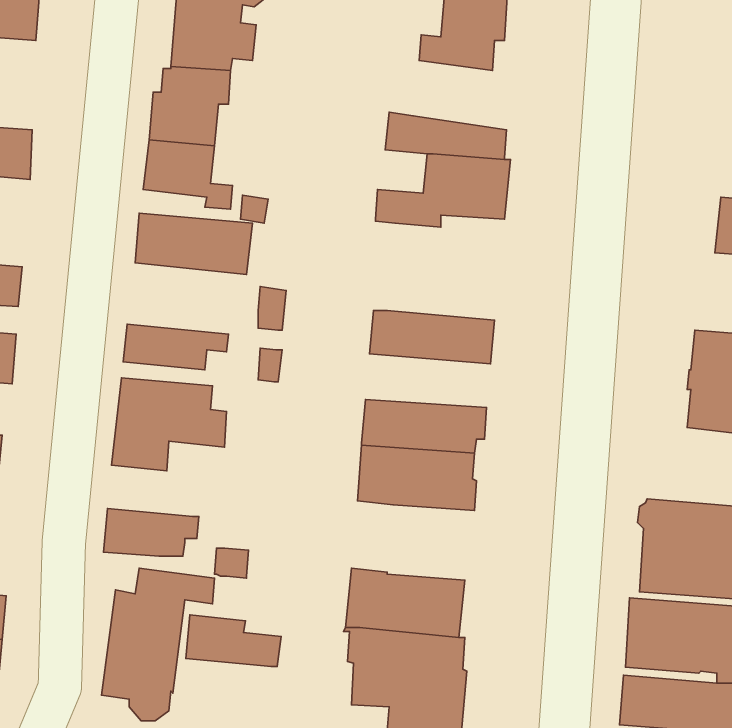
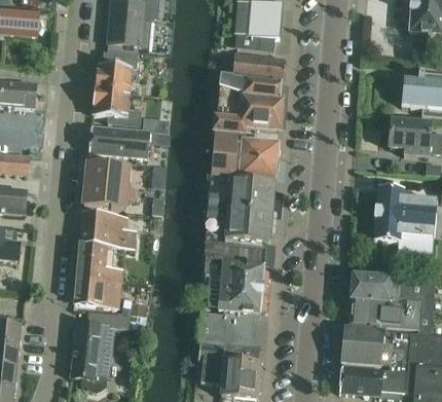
building: none -> [232,53,285,83]
building: none -> [212,131,278,182]
building: none -> [84,163,138,189]
building: none -> [205,199,272,227]
building: none -> [219,278,264,313]
building: [186,615,281,666] -> [74,257,123,284]

